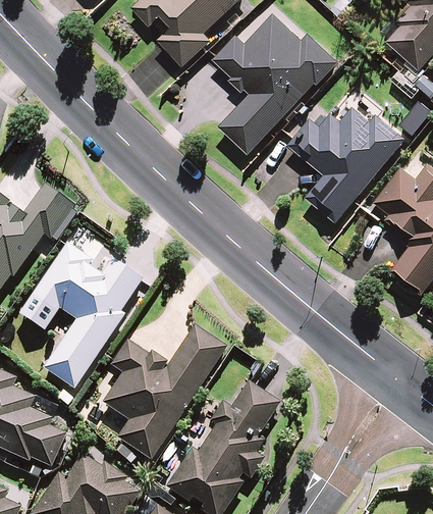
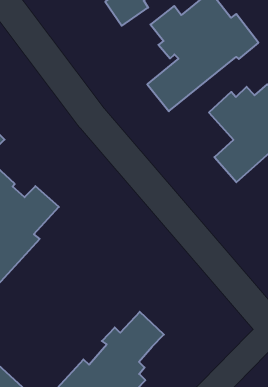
building: [103,326,226,462] -> none

